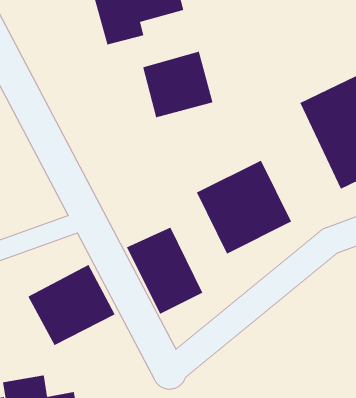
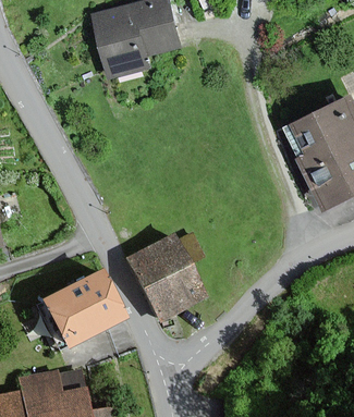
building: [142,51,213,118] -> none
building: [196,160,292,254] -> none

